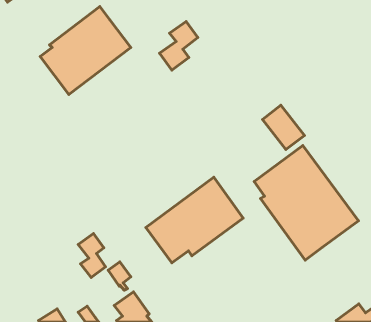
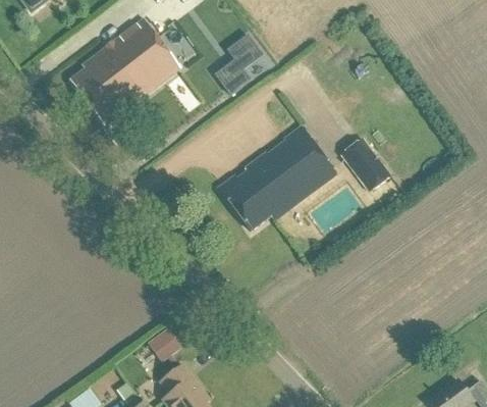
building: [254,146,358,260] -> none
building: [146,177,243,263] -> [219,125,337,230]
building: [78,234,106,277] -> none

